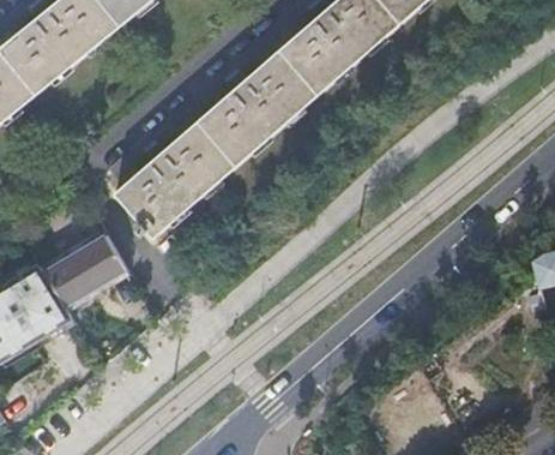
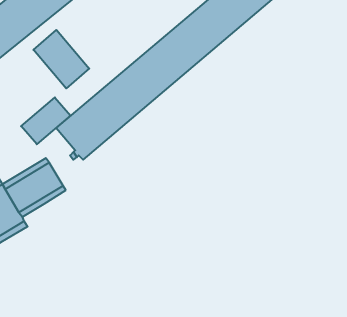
building: none -> [33,30,89,88]
building: none -> [21,97,71,144]

